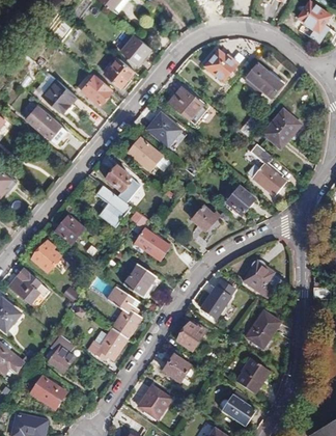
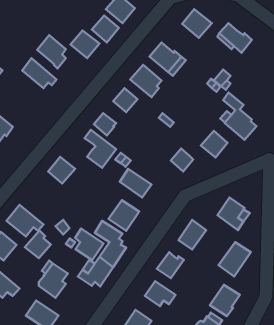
building: [262,109,301,148] -> none
building: [31,241,60,272] -> [25,230,51,258]
building: none -> [75,228,104,260]

